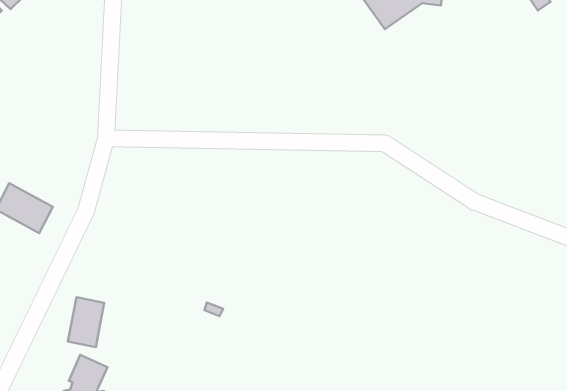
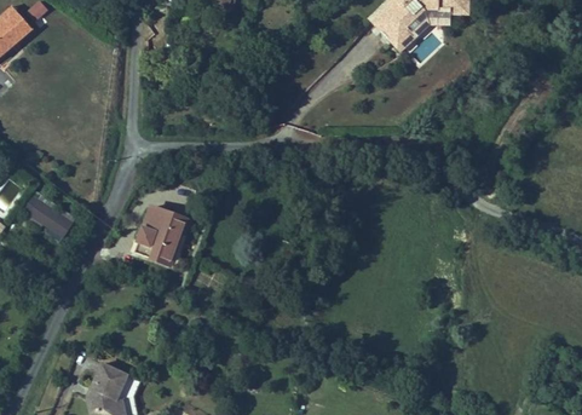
building: none -> [133,206,191,269]
building: [68,297,104,347] -> none

